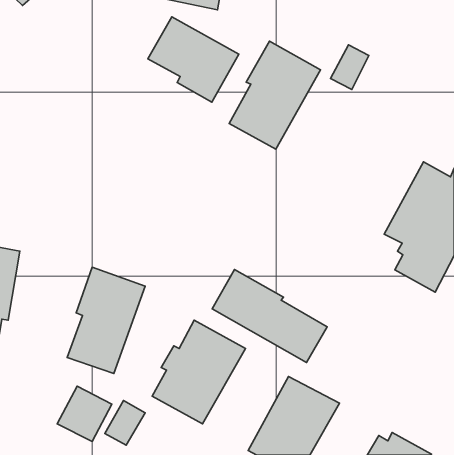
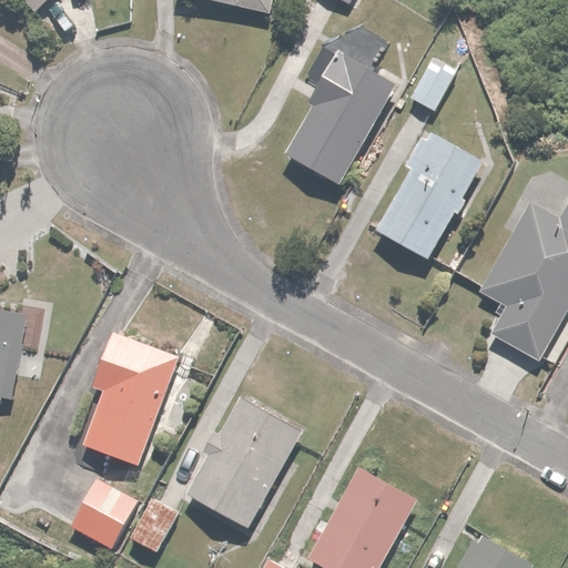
building: [148,17,239,102] -> none
building: none -> [375,129,480,260]
building: [212,270,327,363] -> none

